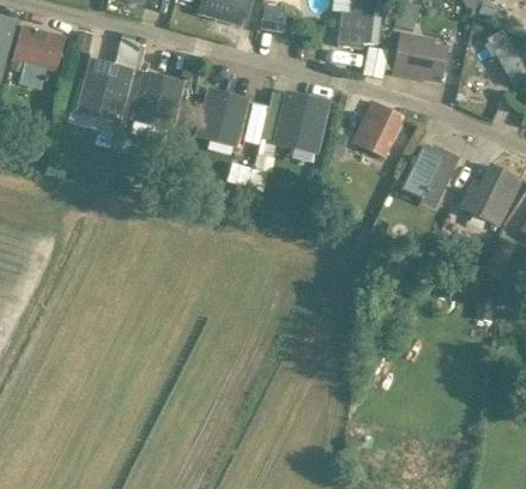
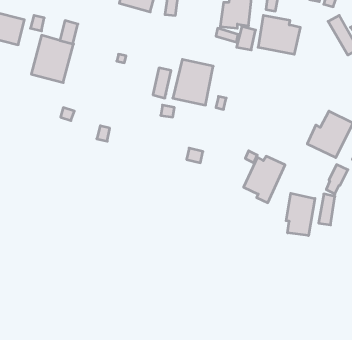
building: [134,74,183,127] -> none
building: [200,91,248,144] -> none
building: [353,101,406,157] -> none
building: [403,145,460,210] -> [244,156,285,203]
building: none -> [286,193,315,236]

